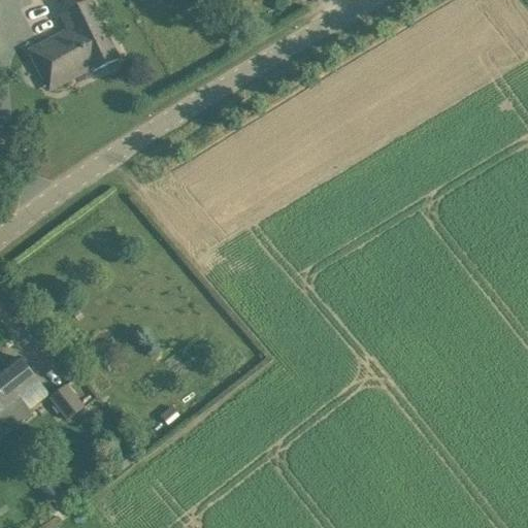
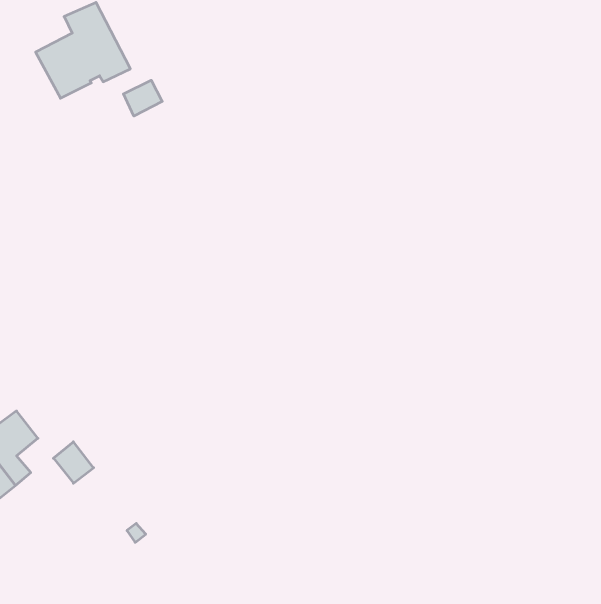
building: none -> [123,80,162,116]

